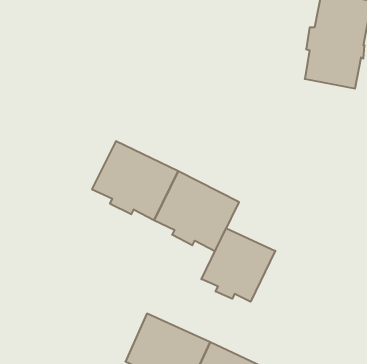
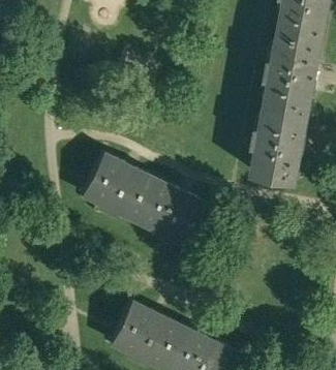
building: none -> [253,101,309,179]
building: [201,228,275,302] -> none

